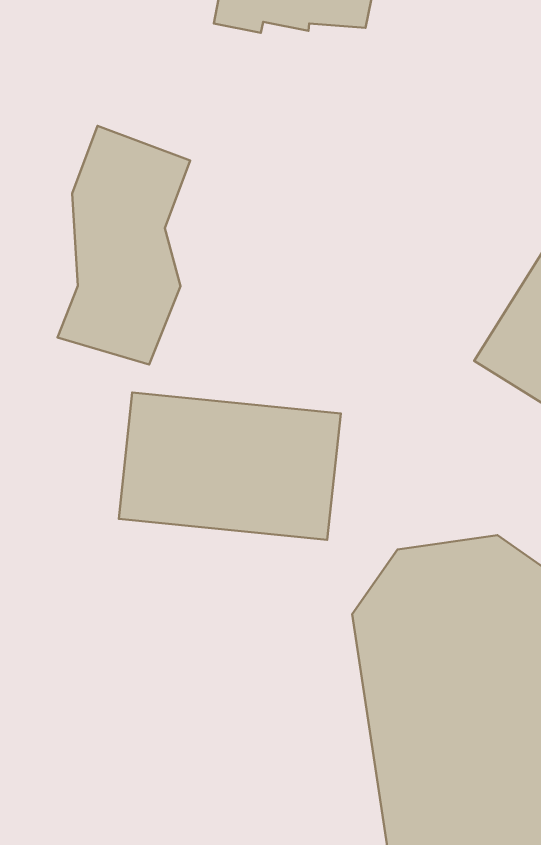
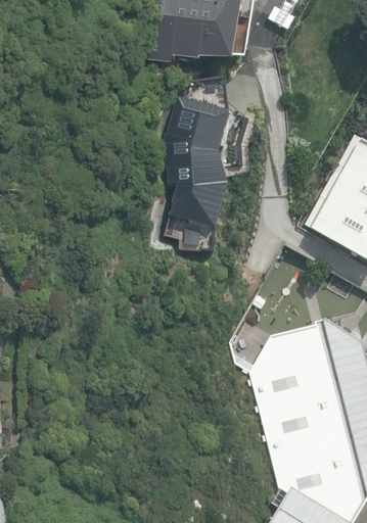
building: [58,126,190,365] -> [160,93,227,224]
building: [119,392,341,540] -> none

